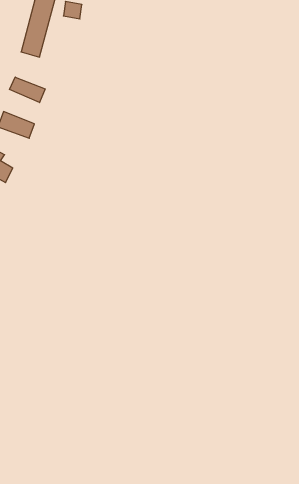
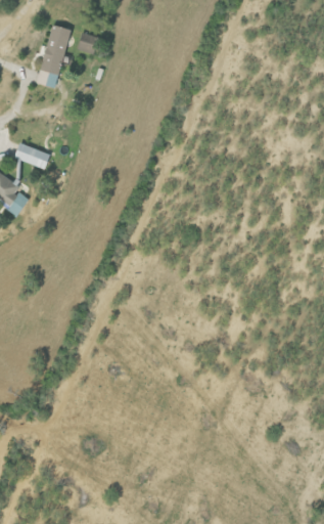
building: [10,77,45,103] -> none

